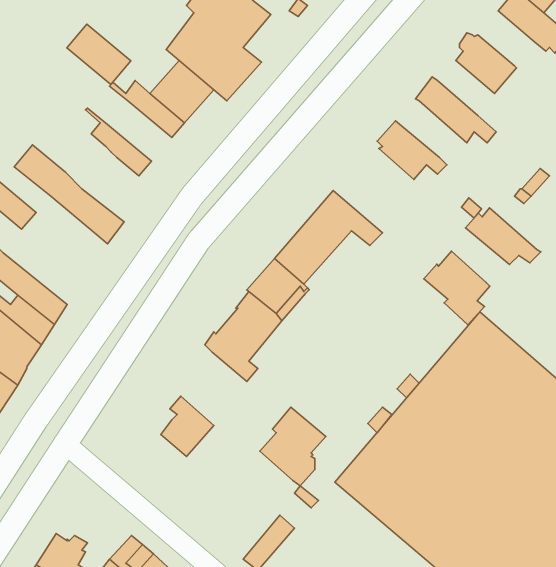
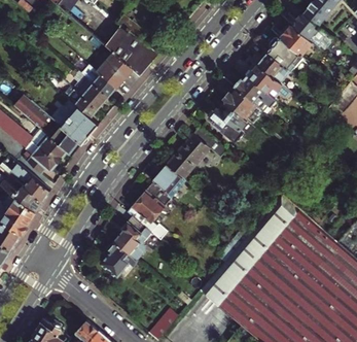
building: none -> [280,26,312,57]
building: [67,24,131,85] -> [72,76,108,110]
building: none -> [257,54,289,84]
building: none -> [58,102,98,144]
building: none -> [23,130,66,174]
building: [466,208,541,265] -> [234,76,276,108]
building: [424,251,490,325] -> [209,103,246,144]
building: [260,407,326,486] -> [113,217,150,262]

